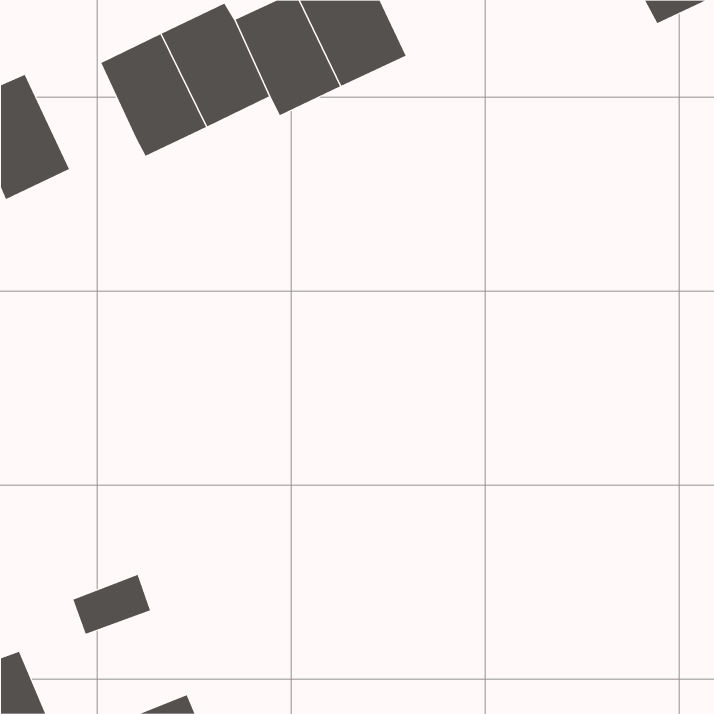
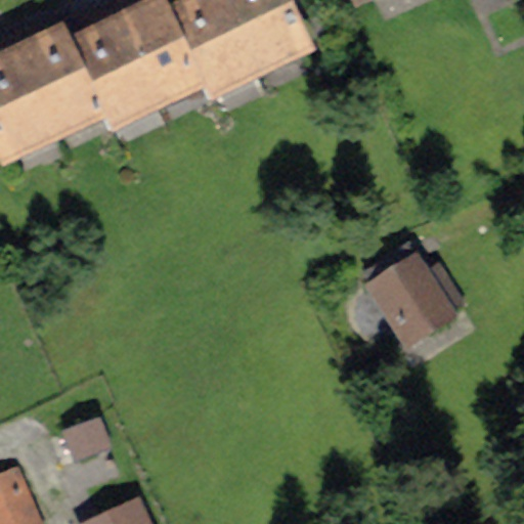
building: none -> [18,32,99,124]
building: none -> [366,251,462,340]

